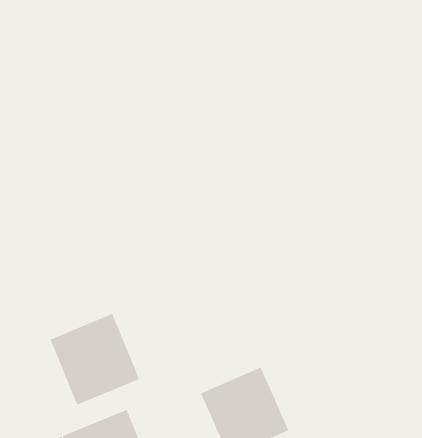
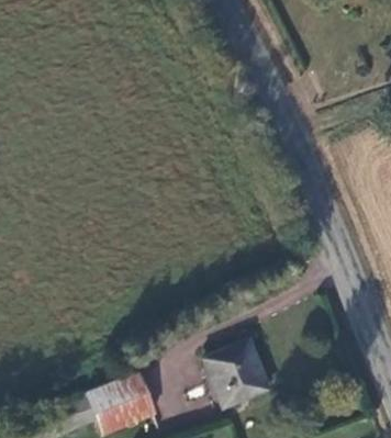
building: [50,313,140,406] -> none

